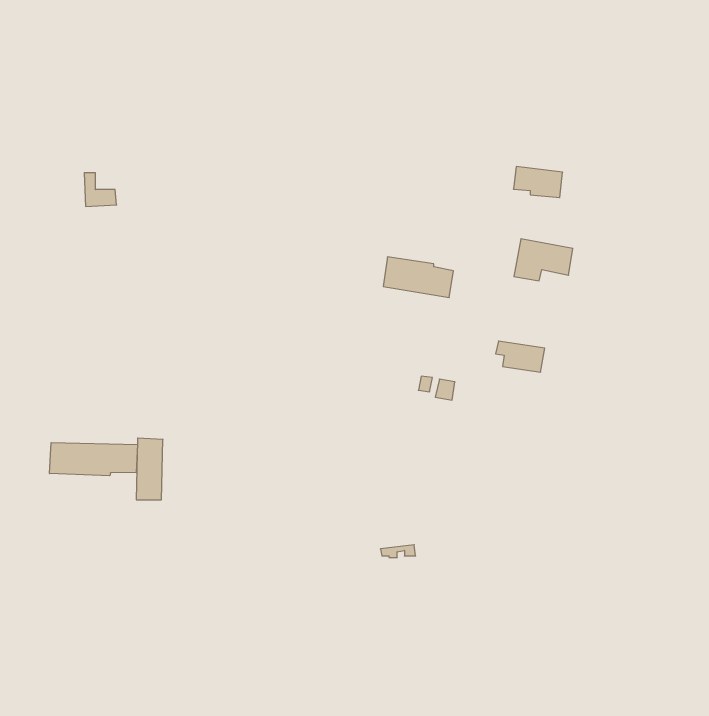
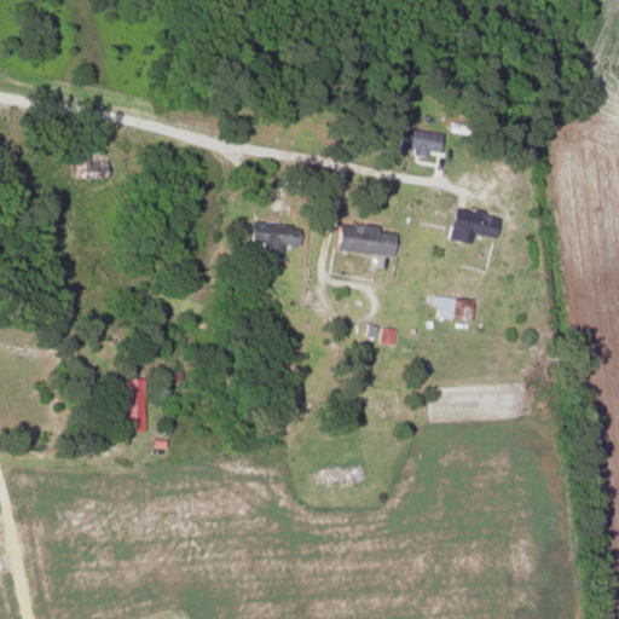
building: [513,167,563,198] -> [401,128,444,155]
building: none -> [253,221,302,253]
building: [50,443,137,476] -> none

